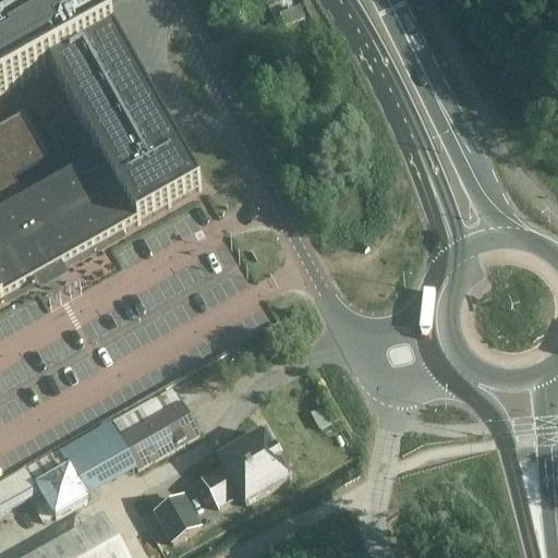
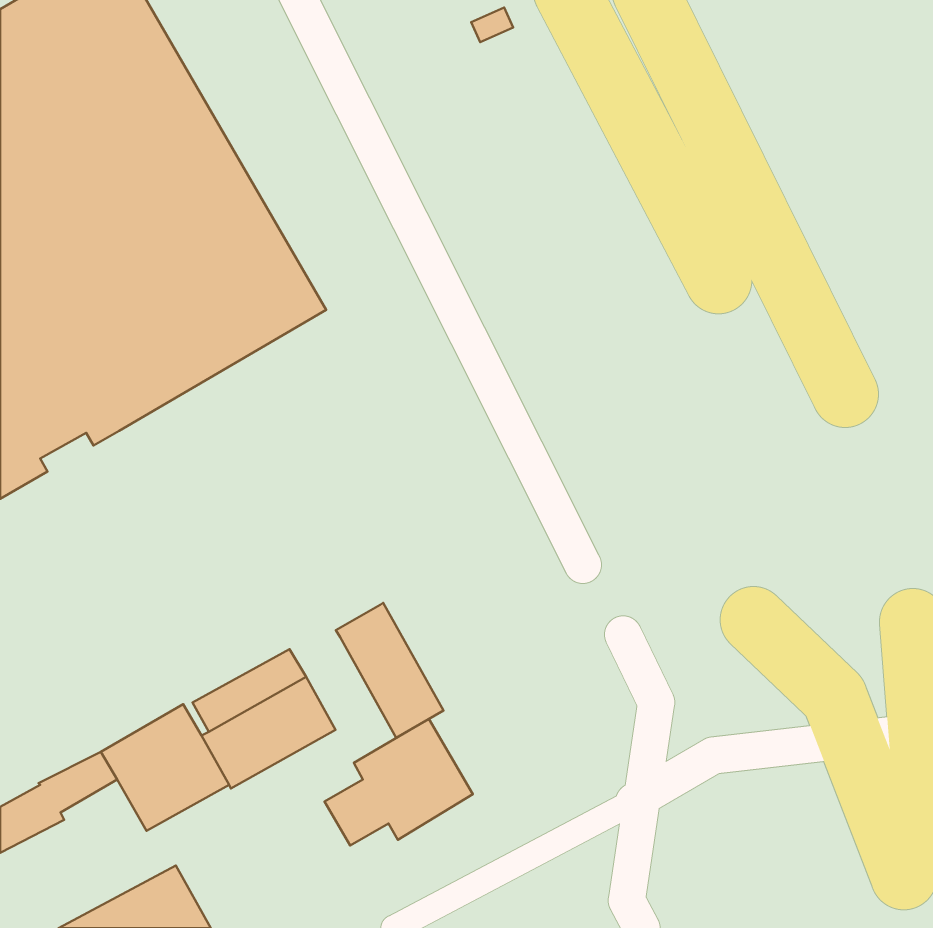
building: none -> [336,603,444,738]
building: [38,463,93,517] -> none
building: [158,497,202,542] -> none

